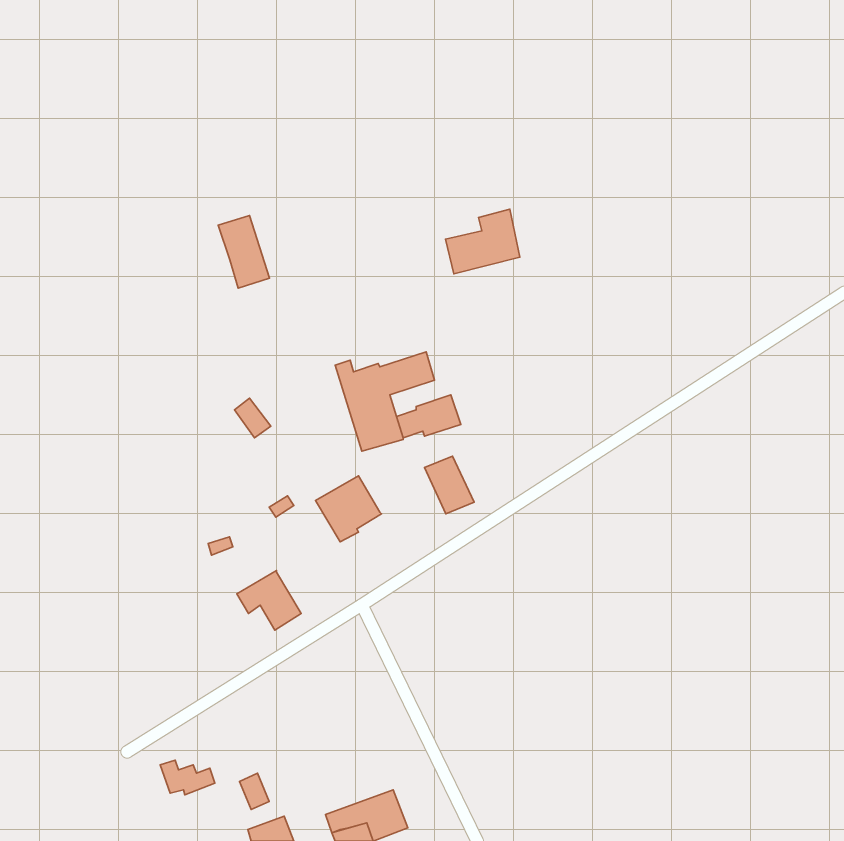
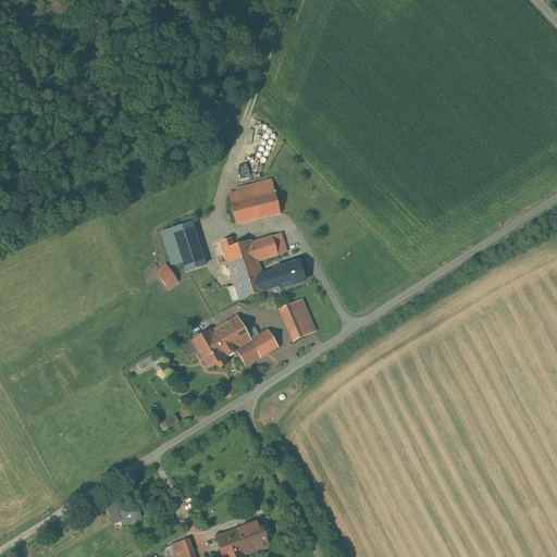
building: [446,209,520,274] -> [230,181,278,223]
building: [218,215,269,288] -> [171,221,205,269]
building: none -> [235,327,277,366]
building: [237,571,301,630] -> [182,329,224,368]

